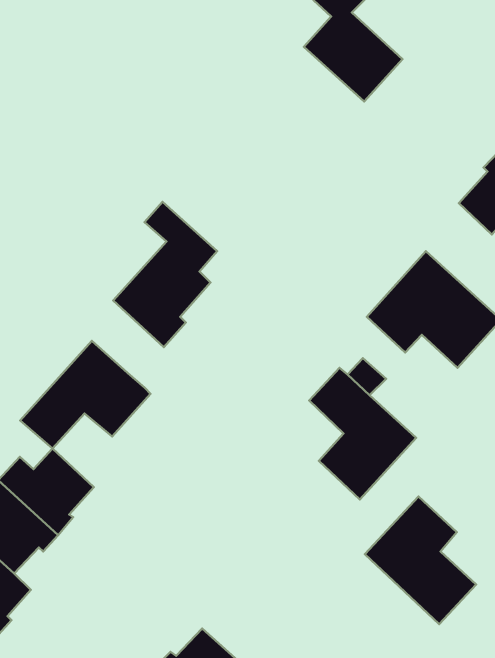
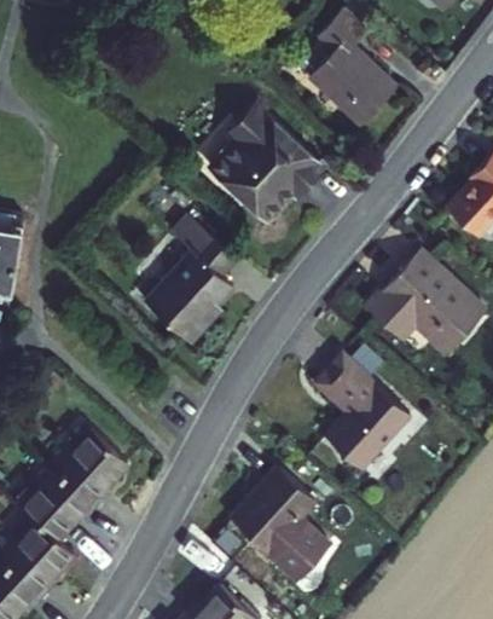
building: none -> [208,99,324,219]
building: [20,341,150,449] -> none
building: [365,497,476,624] -> [226,474,324,586]

